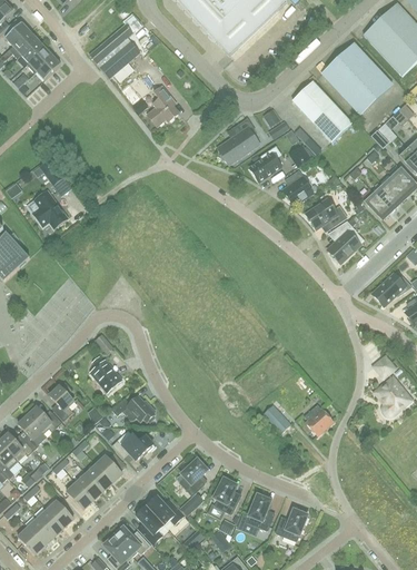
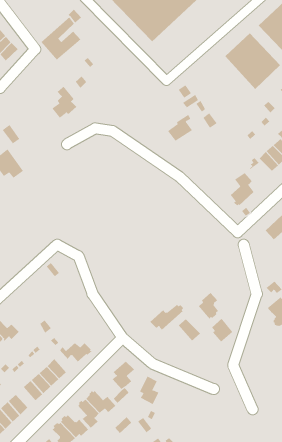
building: [292,81,351,141] -> none
building: [147,85,179,126] -> [52,86,77,118]
building: [218,118,259,163] -> none
building: [284,167,312,204] -> none
building: [306,198,347,227] -> none
building: [90,355,122,392] -> none
building: none -> [198,292,219,320]
building: [50,381,75,420] -> none
building: none -> [150,304,184,330]
building: [112,394,155,421] -> none
building: [237,493,275,530] -> none
building: [275,508,308,540] -> none

